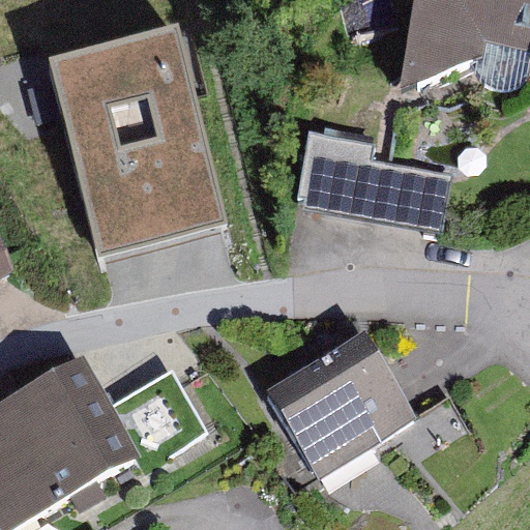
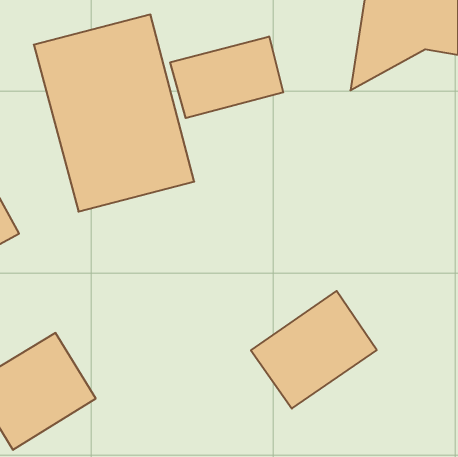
building: none -> [170,36,283,118]
building: [301,152,455,238] -> none

